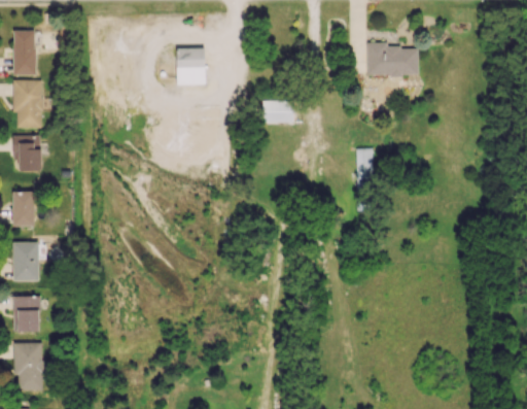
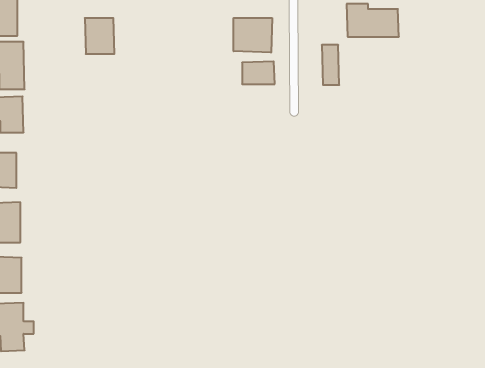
building: [176,48,206,84] -> [85,18,114,54]
building: none -> [234,18,272,53]
building: [356,148,374,189] -> [322,45,339,85]

